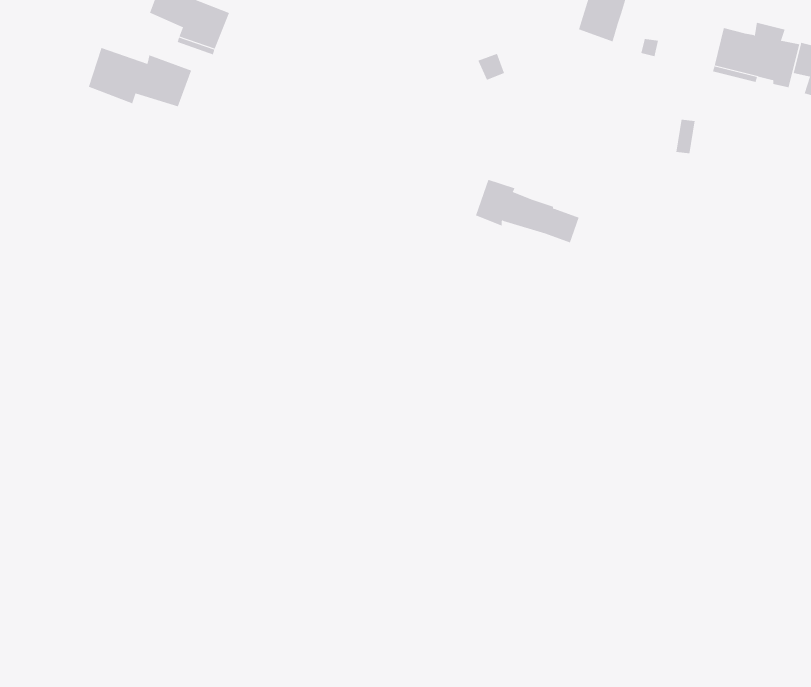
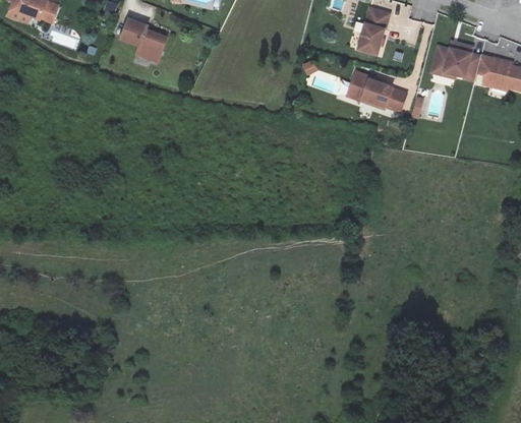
building: [88,47,192,107] -> none
building: [475,179,580,243] -> [349,71,407,107]

